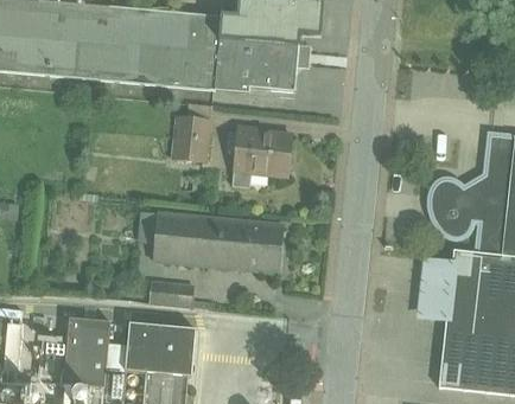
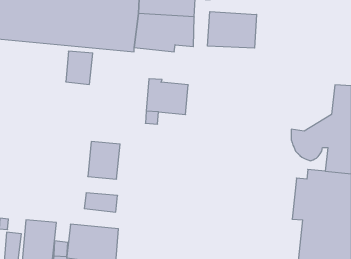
building: none -> [208,12,257,48]
building: [173,117,210,162] -> [66,51,93,84]
building: [195,216,286,272] -> none

